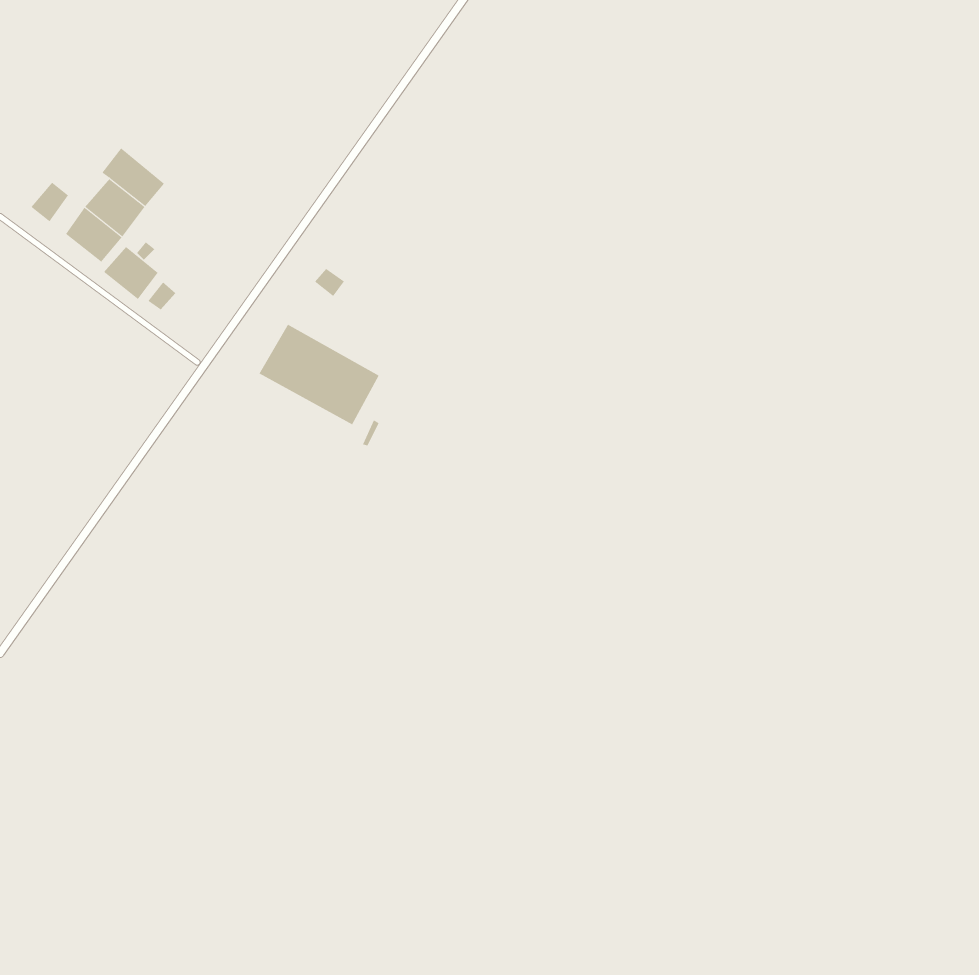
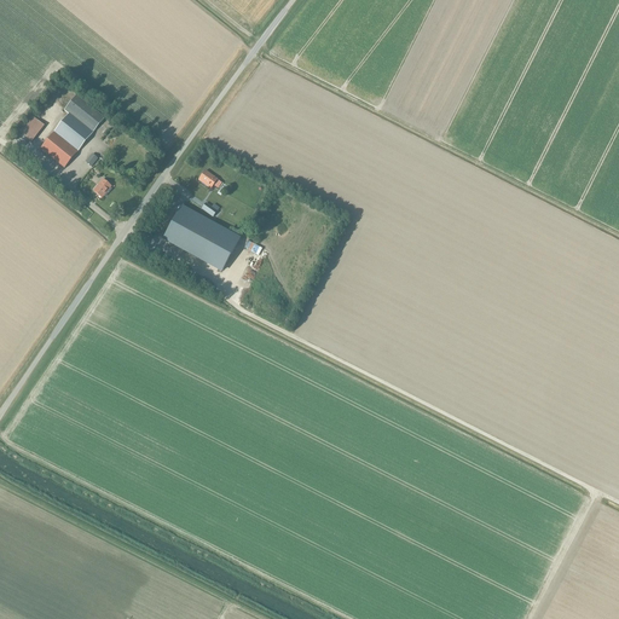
building: [103,246,159,300] -> none

